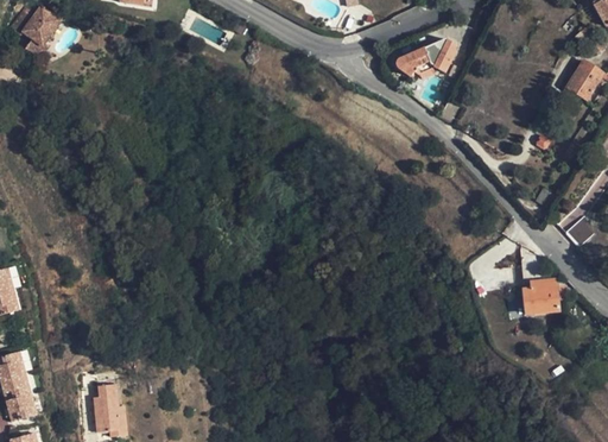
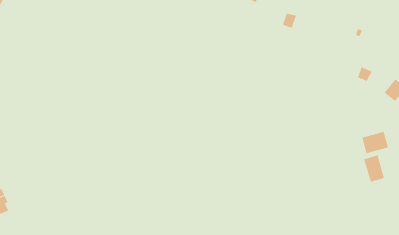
building: none -> [364,155,385,183]

